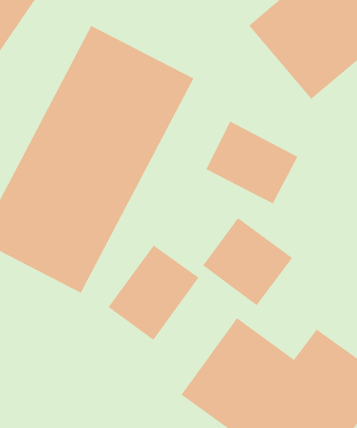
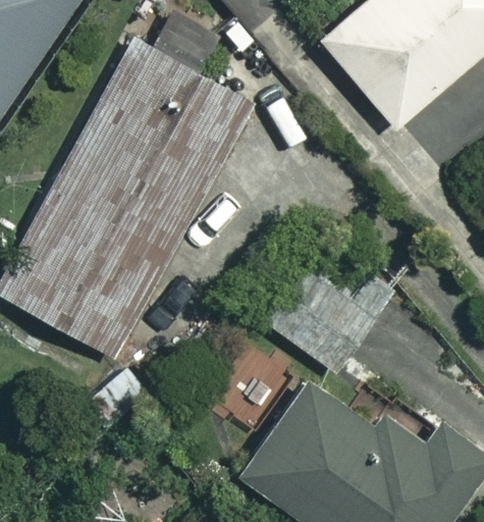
building: [205,121,299,205] -> none
building: [107,245,199,341] -> none

